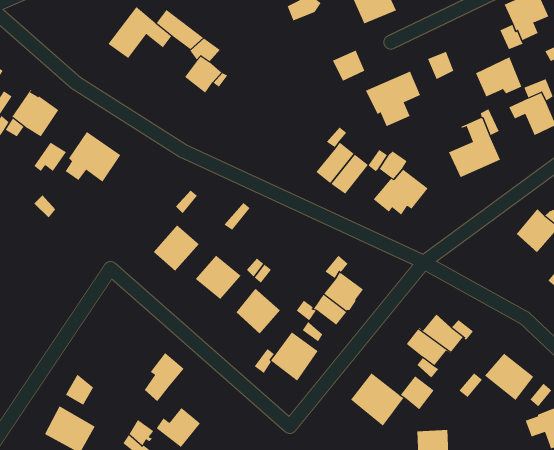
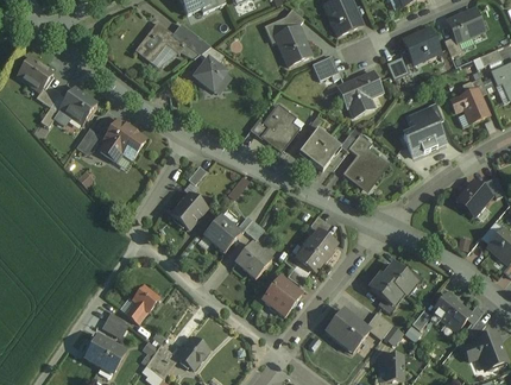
building: none -> [275,25,310,65]
building: [475,57,522,97] -> [403,26,440,58]
building: none -> [250,106,297,150]
building: [144,352,184,402] -> [127,284,159,323]

